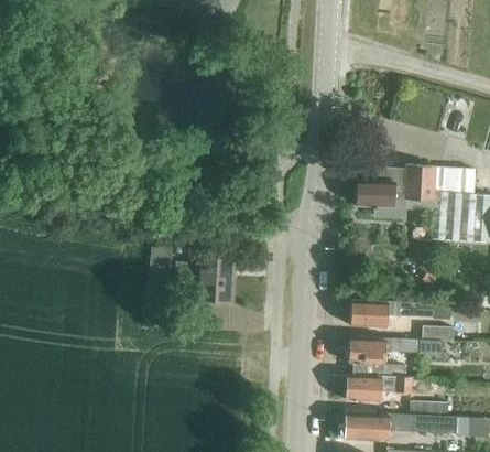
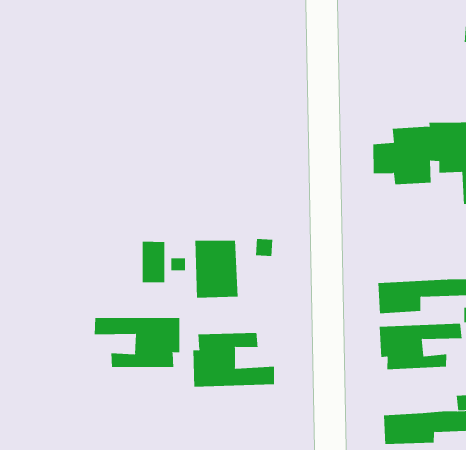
building: none -> [94,317,180,368]
building: none -> [193,332,274,388]
building: [346,374,412,401] -> none

